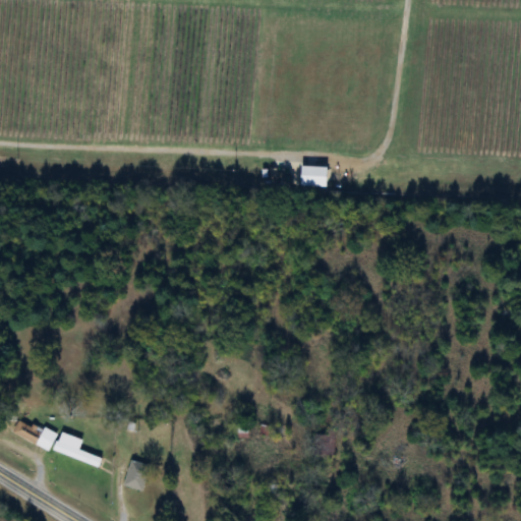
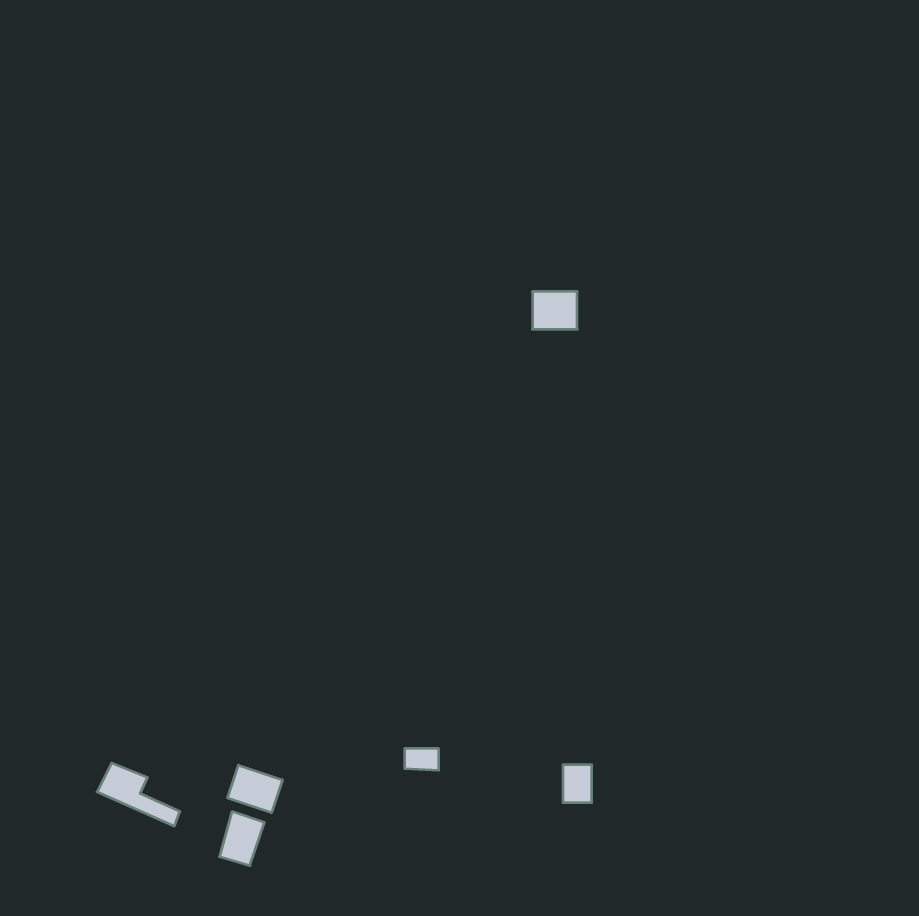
building: [13,418,43,444] -> none
building: none -> [228,765,282,813]

